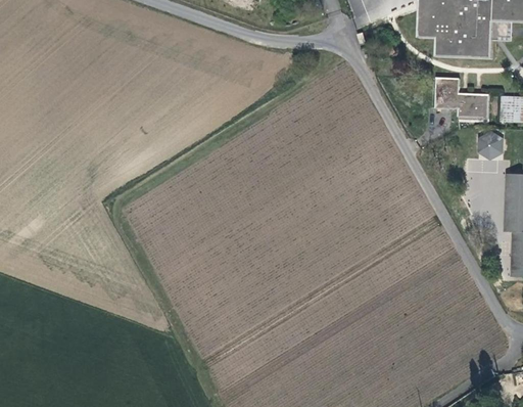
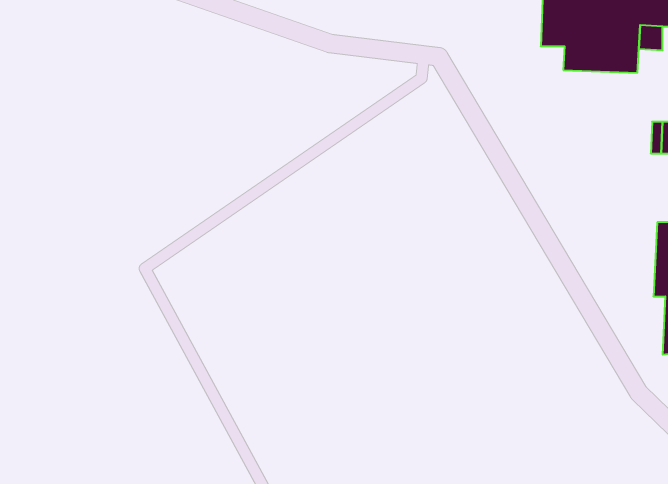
building: [434,77,489,118] -> none
building: [479,131,503,159] -> none

